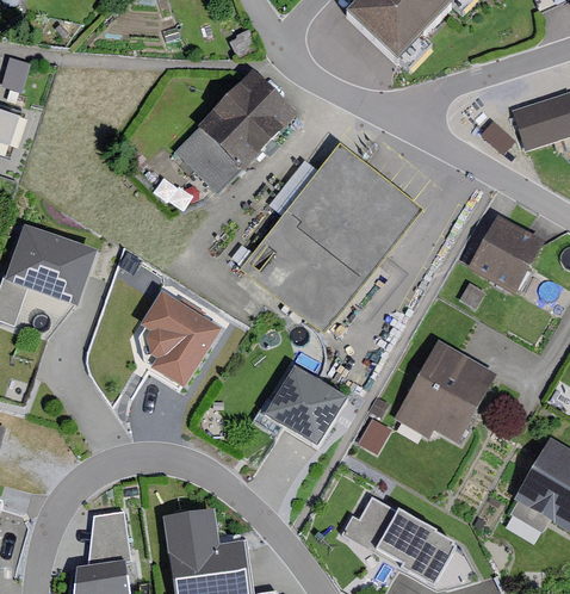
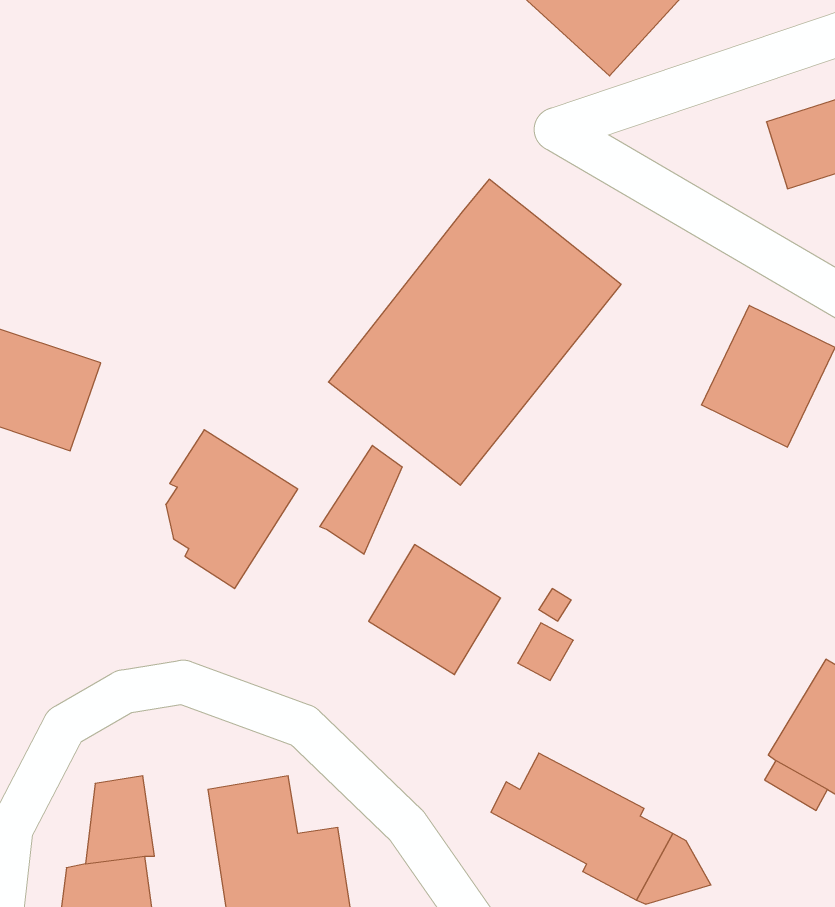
building: [174,67,297,191] -> none
building: none -> [320,445,402,554]
building: [401,348,500,447] -> none

